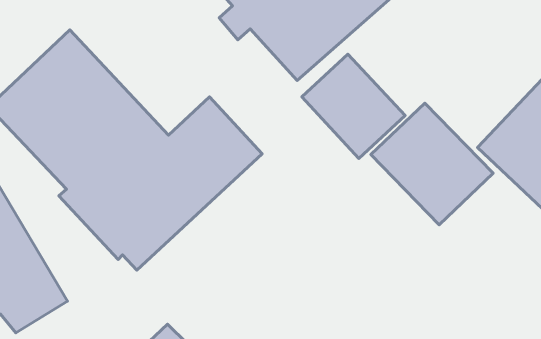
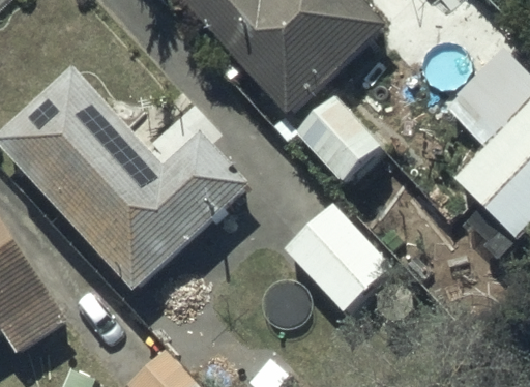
building: [371,103,493,225] -> [276,197,391,311]

